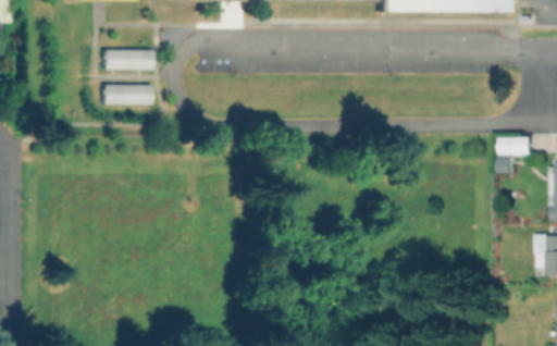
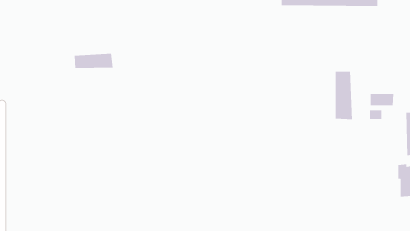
building: [104,45,154,65] -> none
building: none -> [335,71,353,120]

